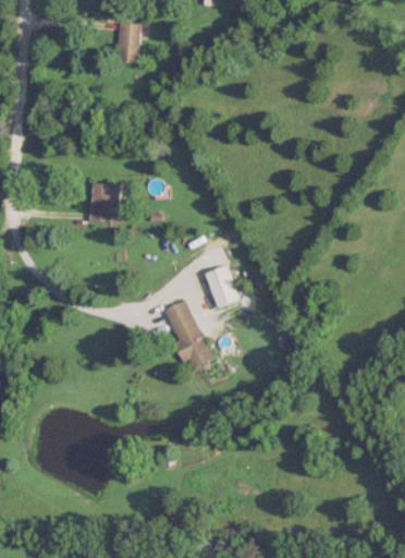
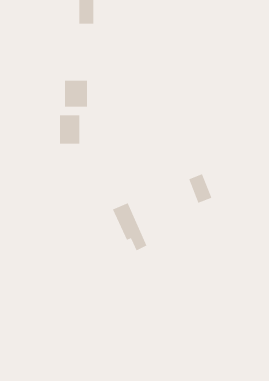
building: none -> [64,80,88,108]
building: [206,266,238,307] -> [188,173,212,204]

